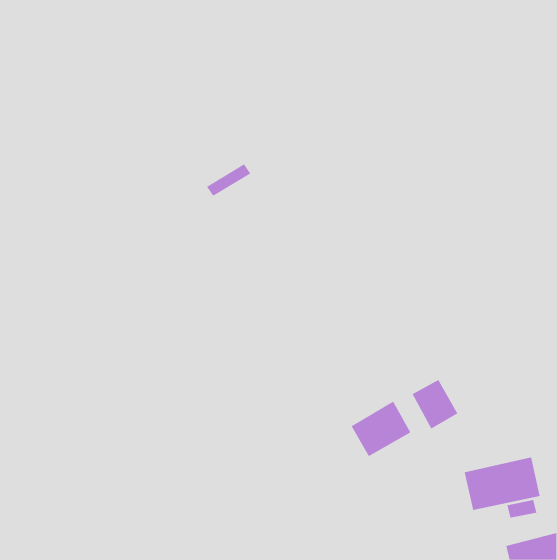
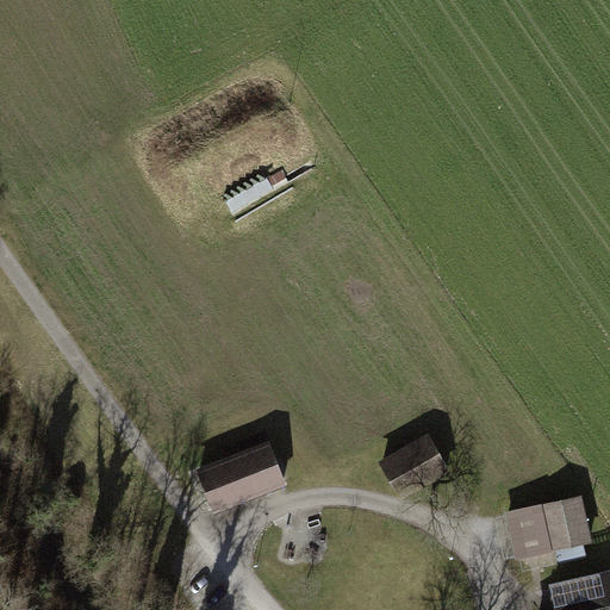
building: [412,379,458,429] -> none
building: none -> [198,443,282,510]

